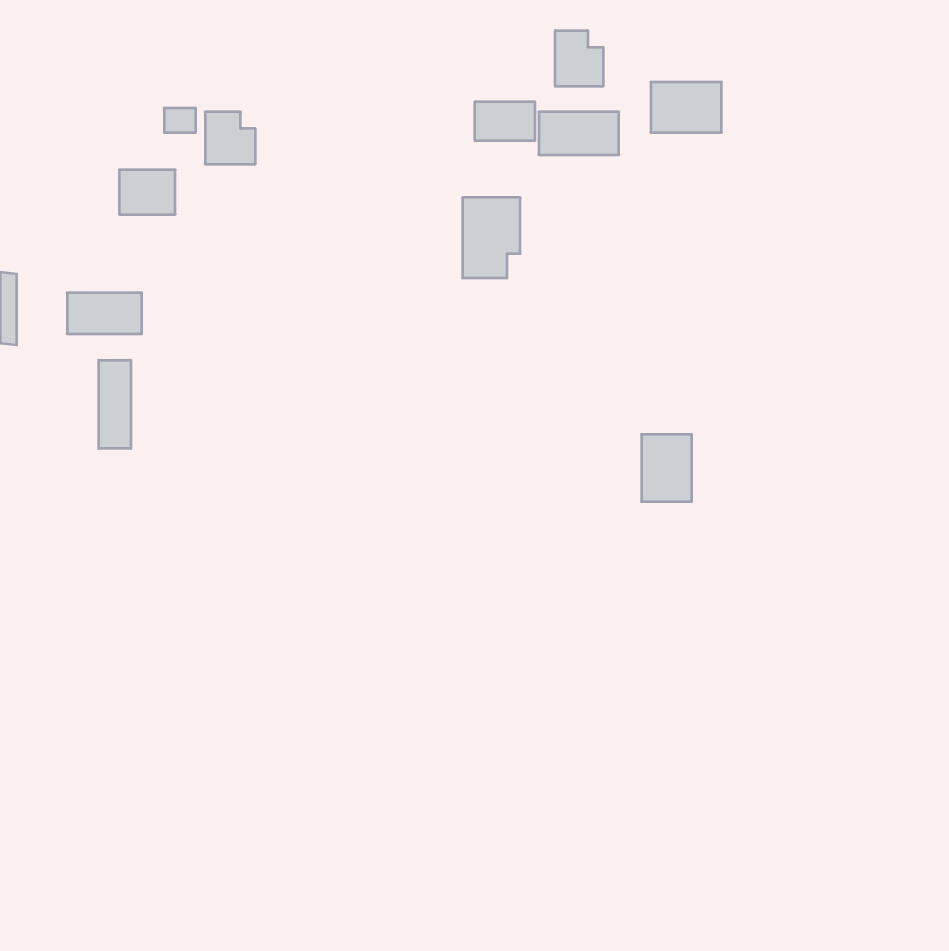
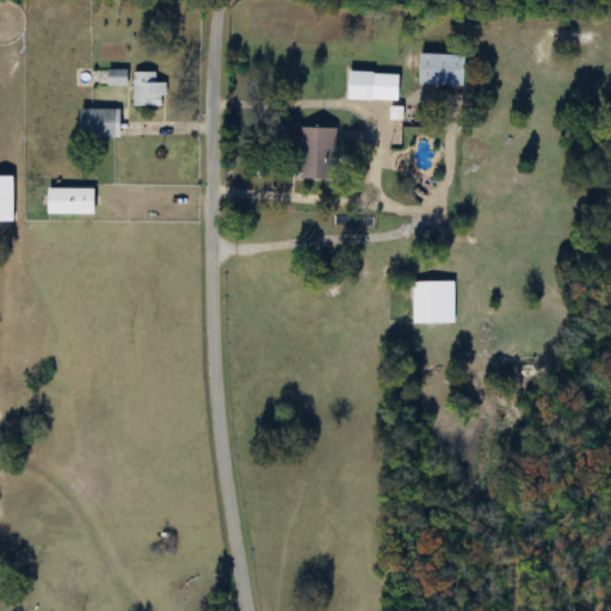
building: [555,30,603,86] -> none
building: [475,102,535,141] -> none
building: [99,360,131,449] -> none

